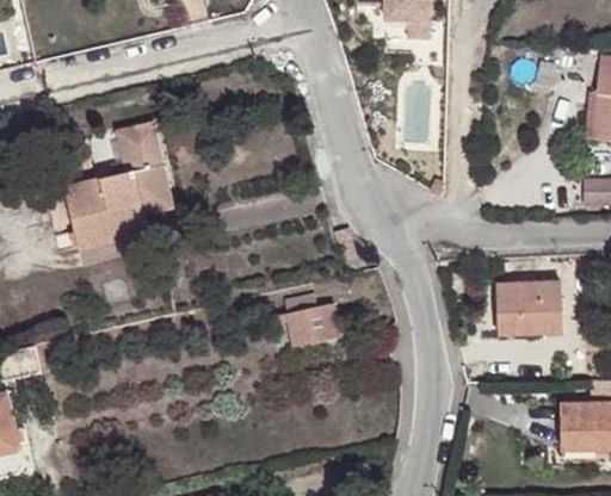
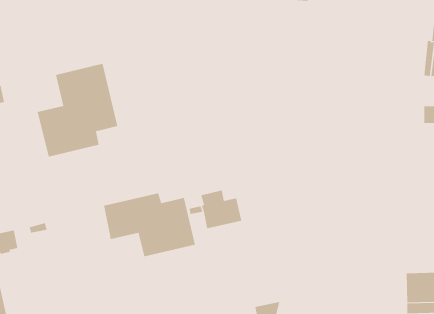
building: [498,281,563,334] -> none
building: none -> [103,193,195,257]

